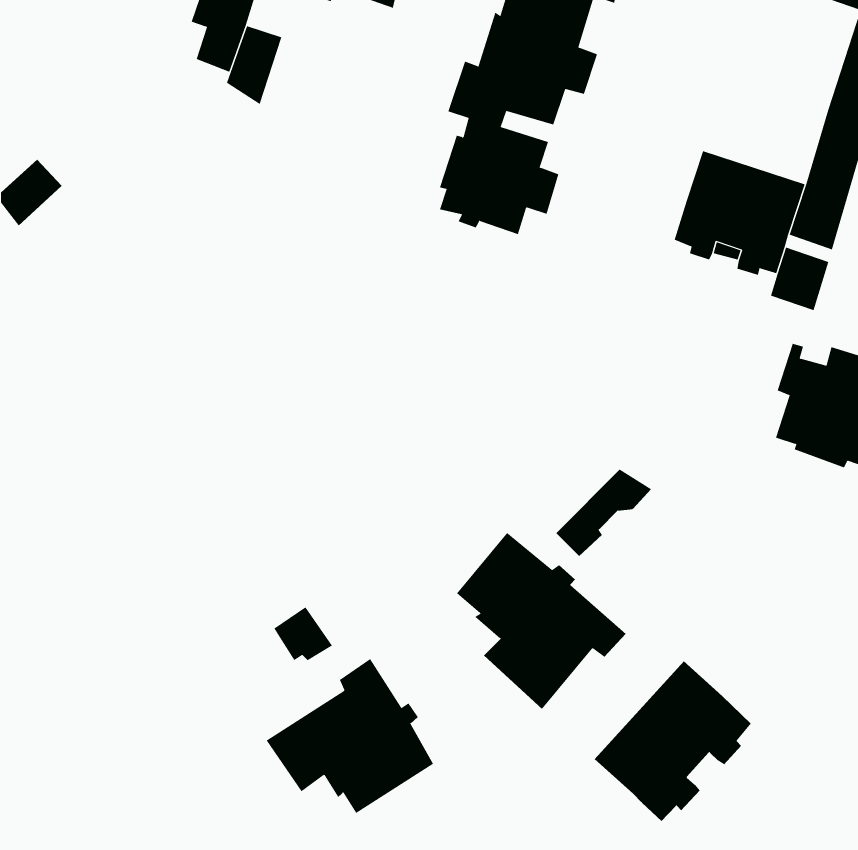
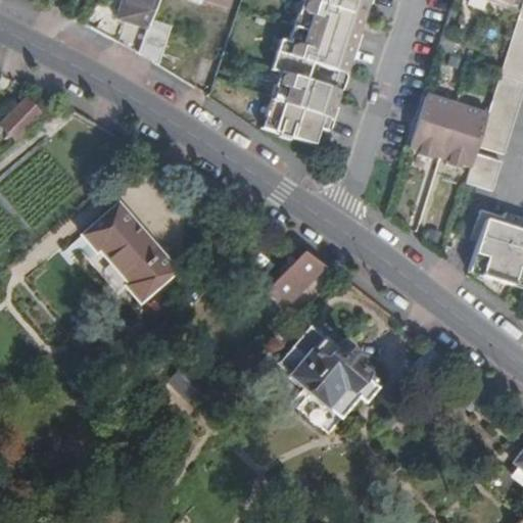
building: none -> [86,200,178,297]
building: [555,469,652,557] -> [267,250,325,303]
building: [266,658,434,814] -> none
building: [594,661,751,822] -> none

